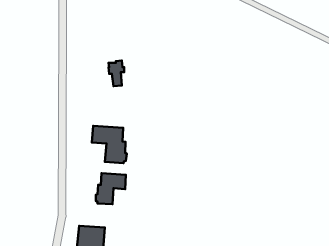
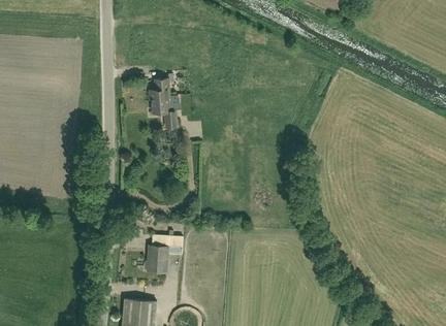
building: none -> [149,78,169,112]
building: [92,126,127,163] -> none

